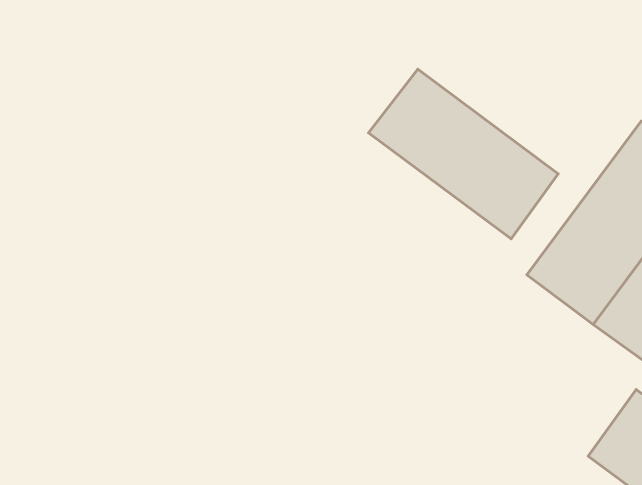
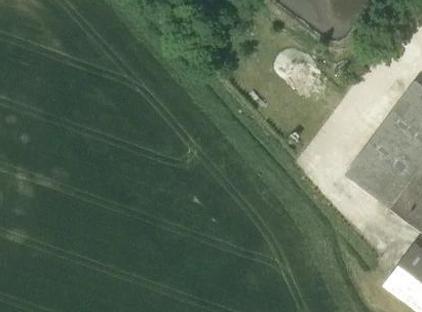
building: [369,69,558,239] -> none

